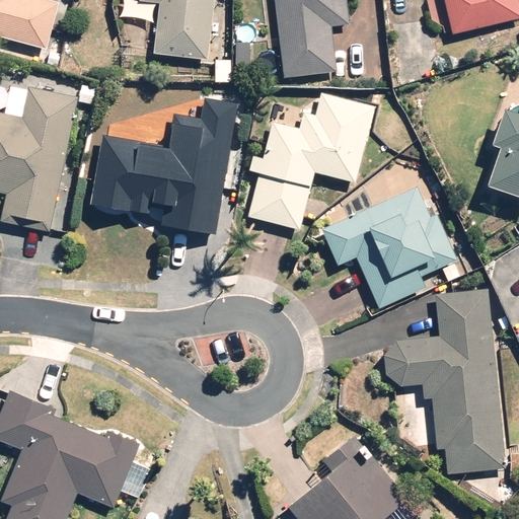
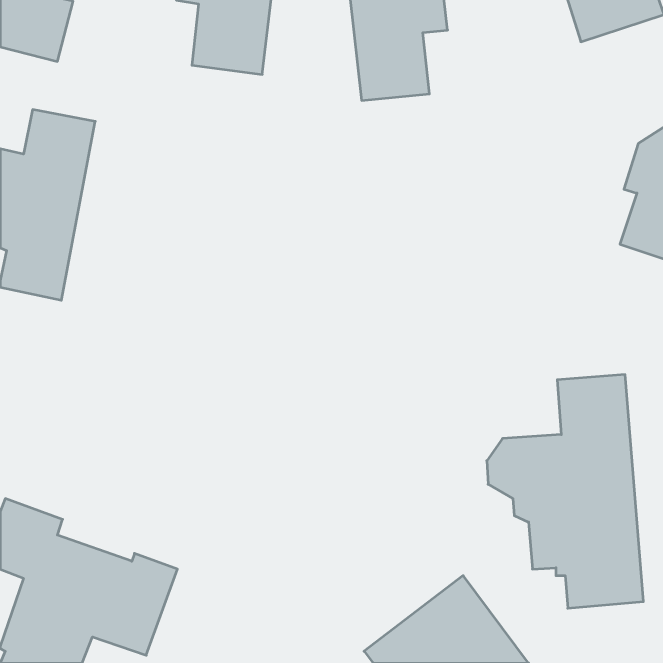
building: [246,92,374,232] -> none
building: [87,98,238,236] -> none
building: [321,188,459,312] -> none

